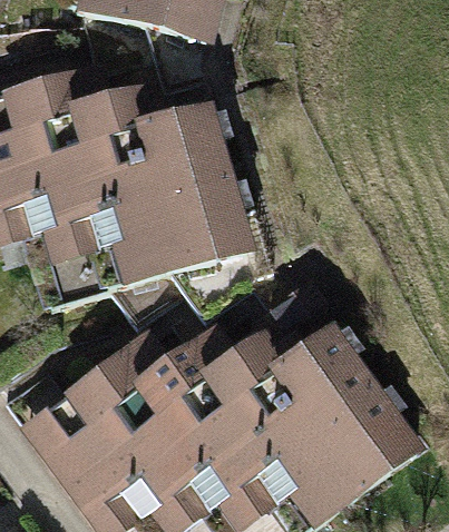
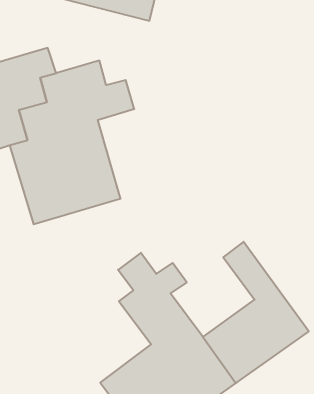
building: [138,106,248,270] -> none
building: [234,335,344,452] -> none
building: [47,349,208,512] -> none

